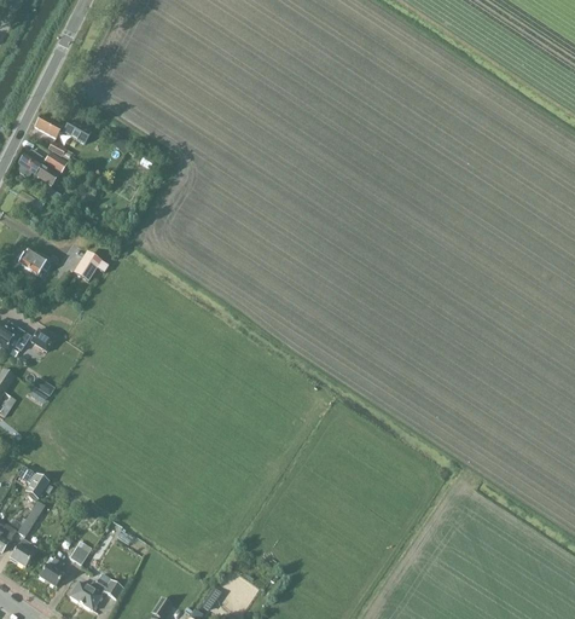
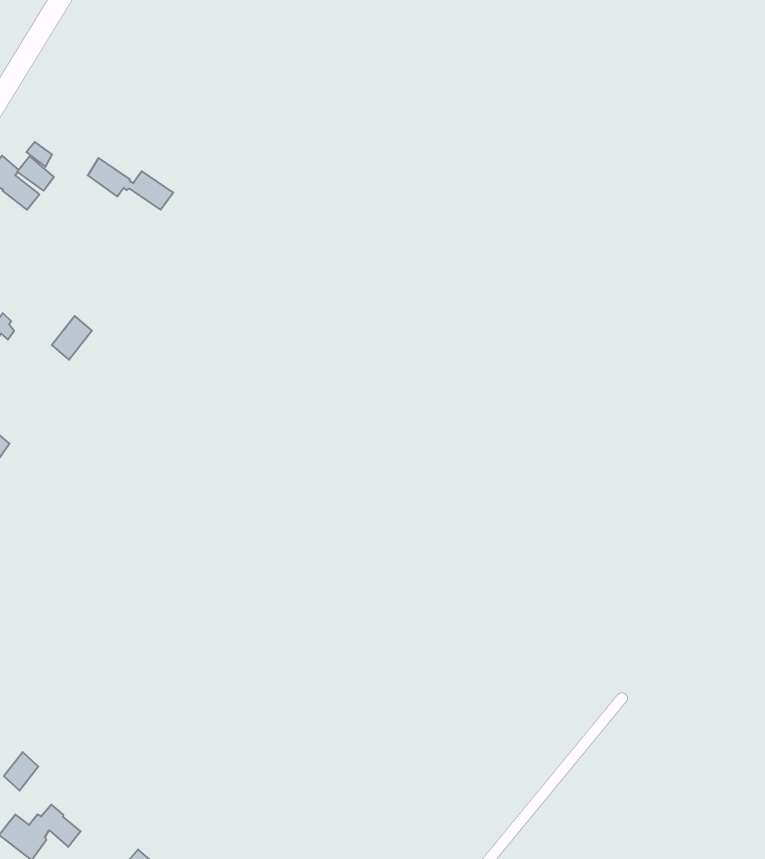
building: [34,114,91,144] -> [88,158,173,210]

